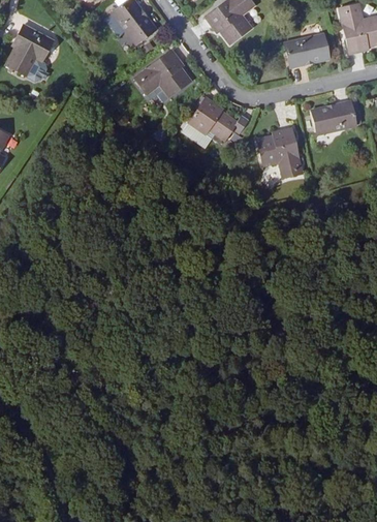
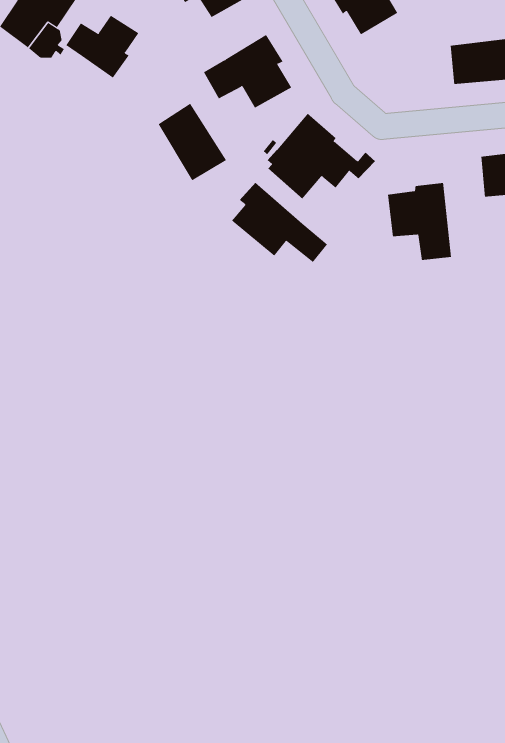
building: none -> [65,15,139,78]
building: none -> [158,103,227,181]
building: none -> [231,182,328,263]

